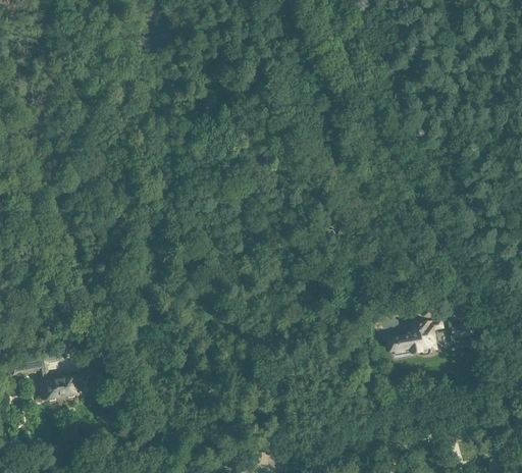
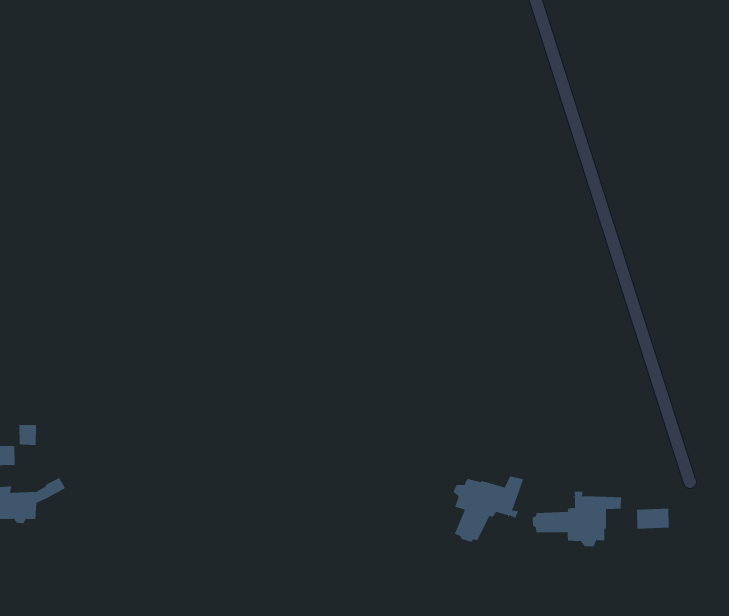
building: none -> [453,475,524,542]

